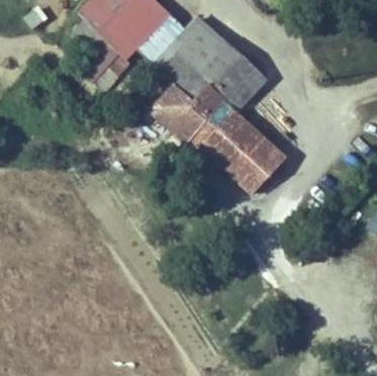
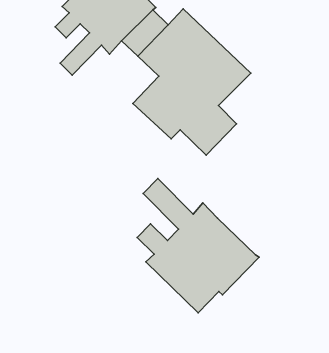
building: [223,130,284,191] -> none
building: none -> [137,178,259,313]

